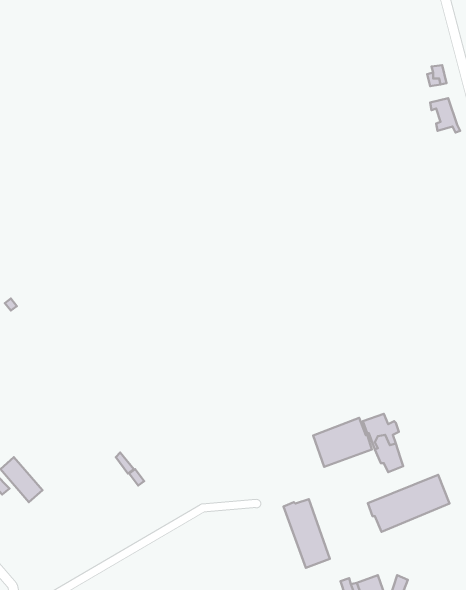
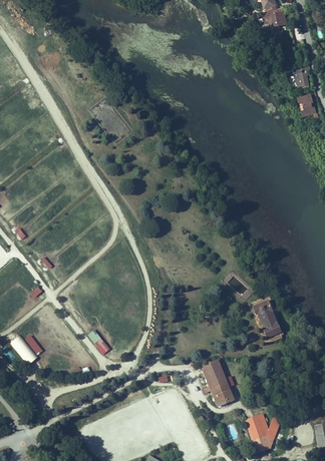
building: [313,418,372,467] -> none
building: [368,475,449,532] -> none

